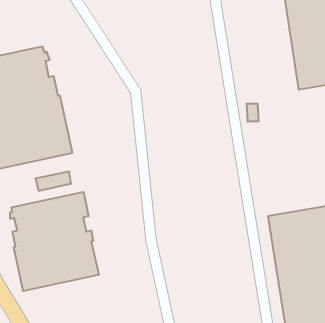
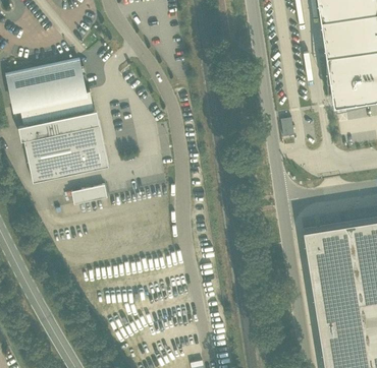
building: [10,192,99,291] -> none

